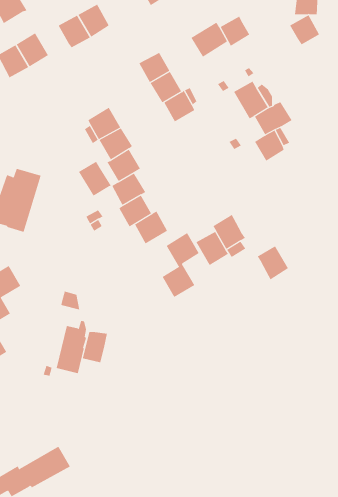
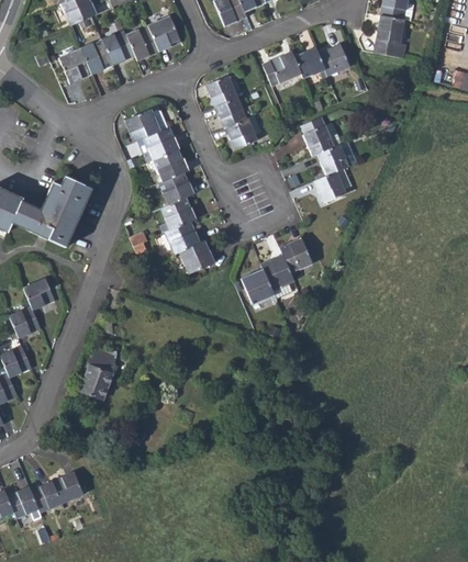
building: [289,15,320,45] -> [319,44,349,75]
building: none -> [102,30,135,64]
building: none -> [125,108,167,140]
building: [78,161,111,196] -> none
building: [162,232,200,298] -> none
building: [257,246,289,280] -> [280,237,312,272]
building: [82,331,108,363] -> none

